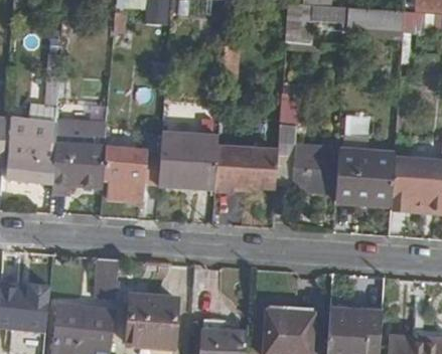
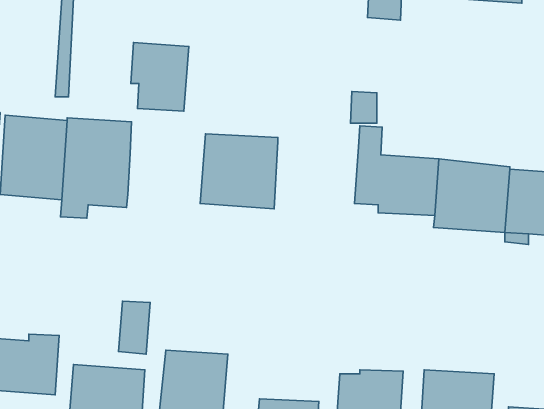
building: [213,136,278,188] -> none
building: [102,145,146,197] -> [131,43,189,111]

